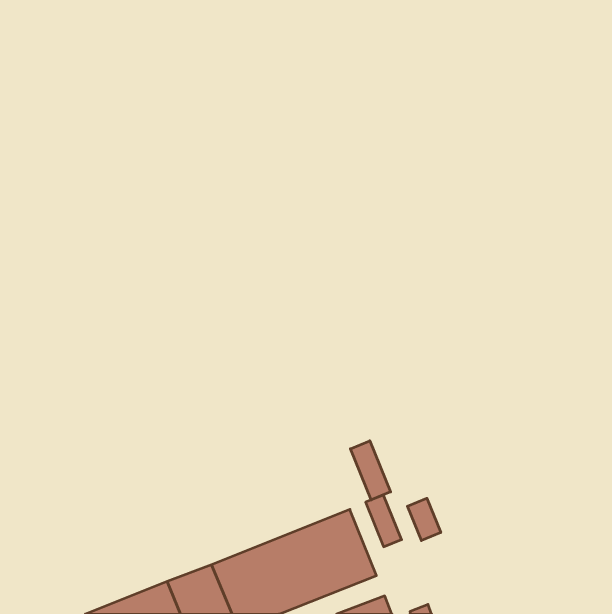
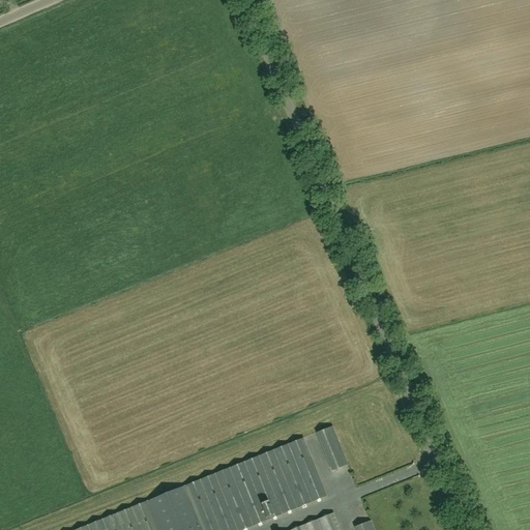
building: [350,441,391,500] -> none
building: [407,498,441,541] -> none

